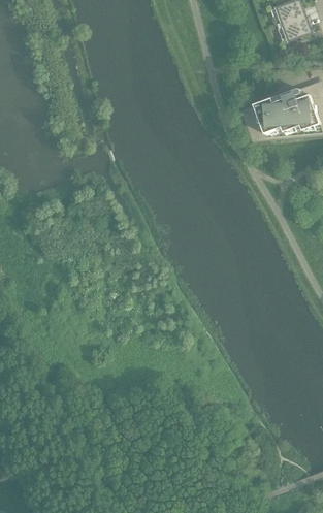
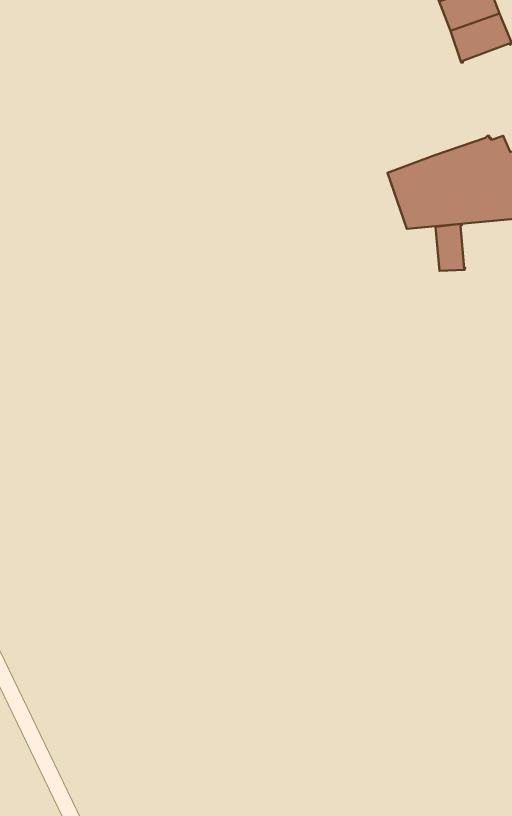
building: none -> [436,224,465,271]

